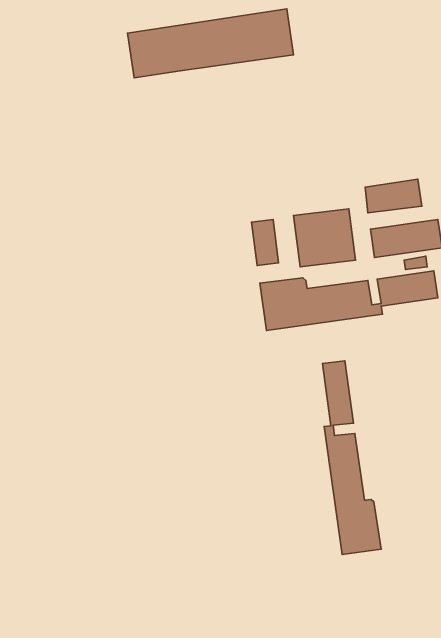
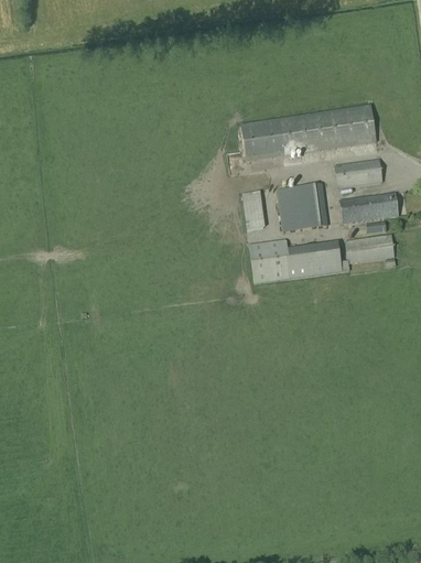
building: [128,9,294,78] -> [240,104,376,160]
building: [322,361,381,554] -> none

